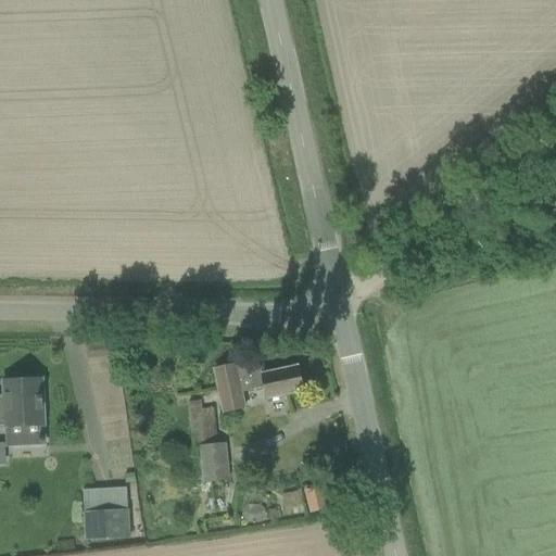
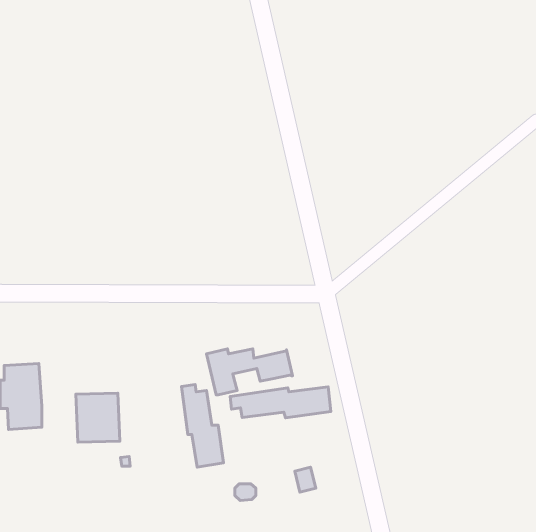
building: none -> [230,387,331,418]
building: [84,485,129,536] -> [76,393,120,442]

